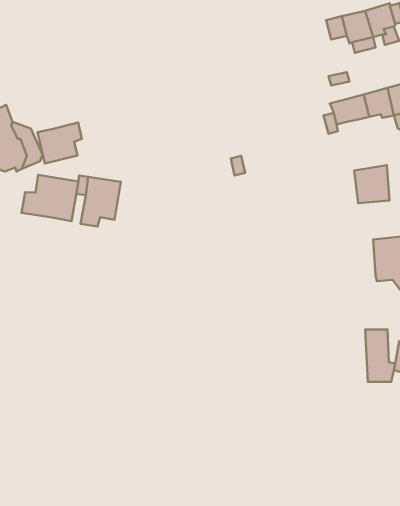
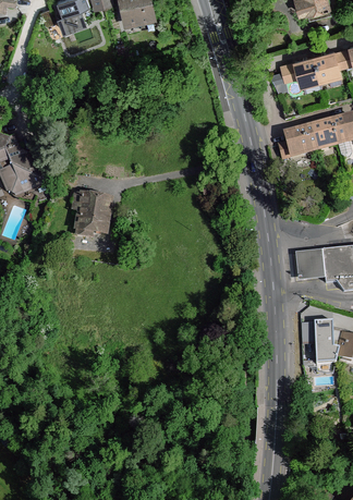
building: [37,122,82,164] -> none
building: [354,165,390,203] -> [293,247,322,279]
building: [22,175,78,221] -> none

